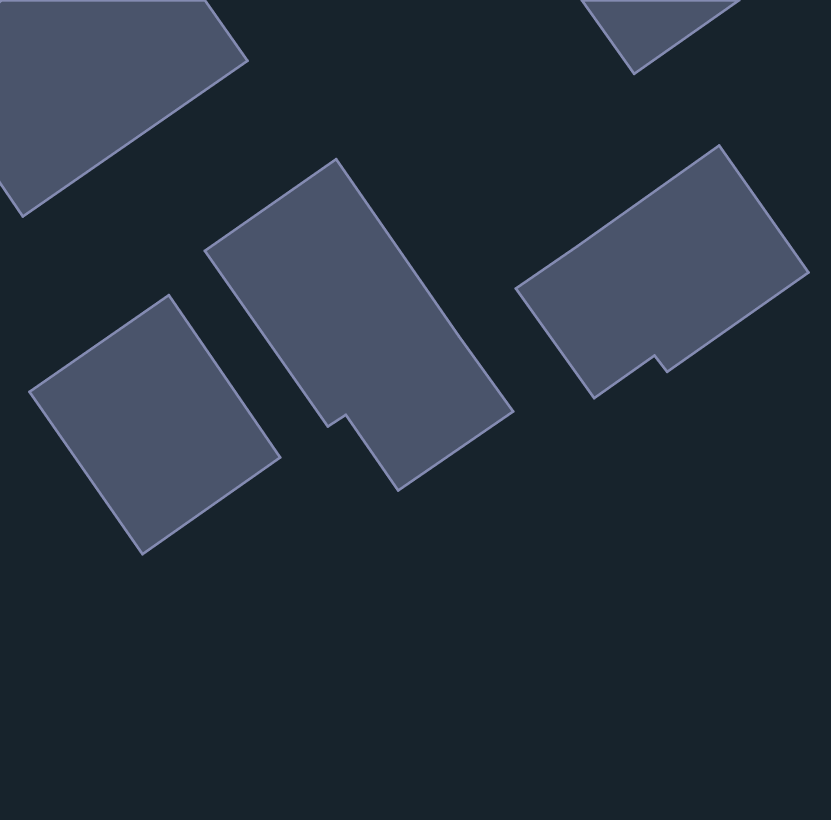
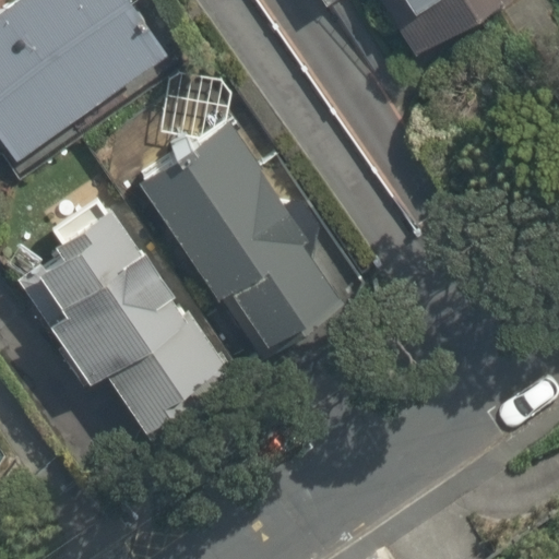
building: [516,146,808,398] -> none
building: none -> [103,317,227,432]

